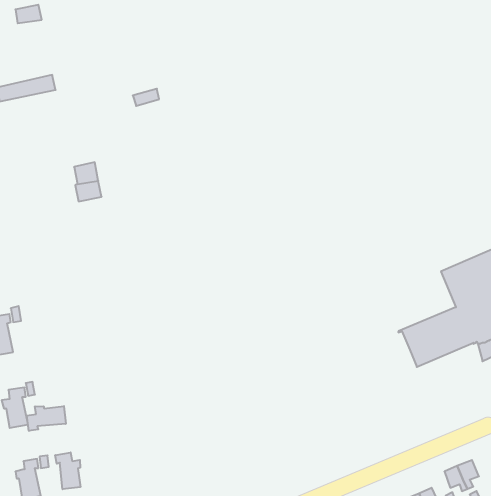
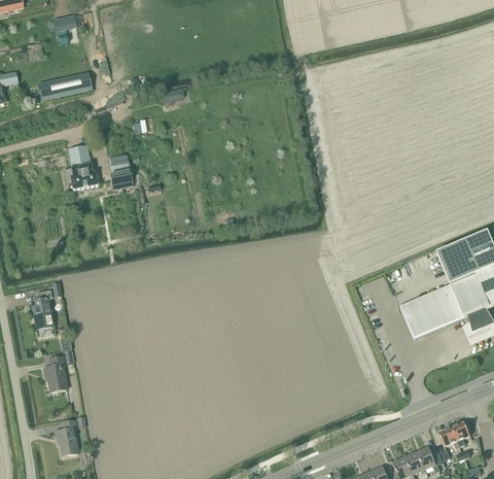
building: none -> [68,145,98,189]
building: [27,406,66,431] -> none
building: [55,452,80,489] -> none

